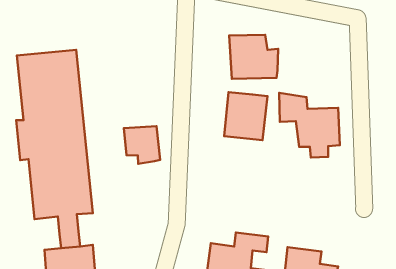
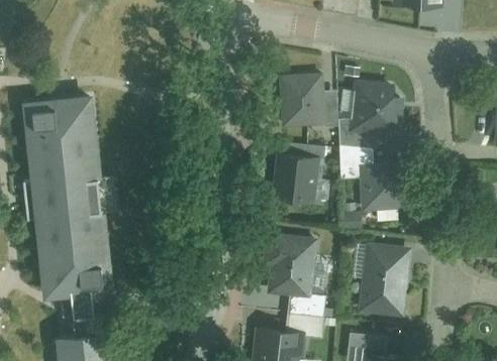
building: none -> [336,78,403,150]
building: [124,126,160,164] -> none
building: none -> [254,230,328,319]
building: none -> [359,244,412,317]

